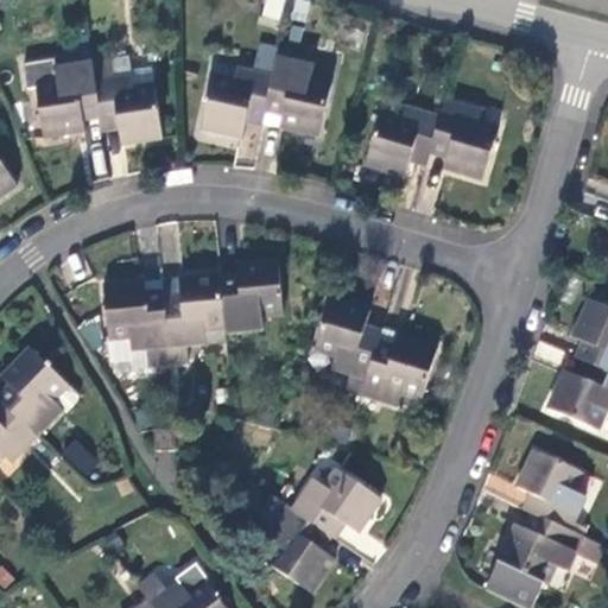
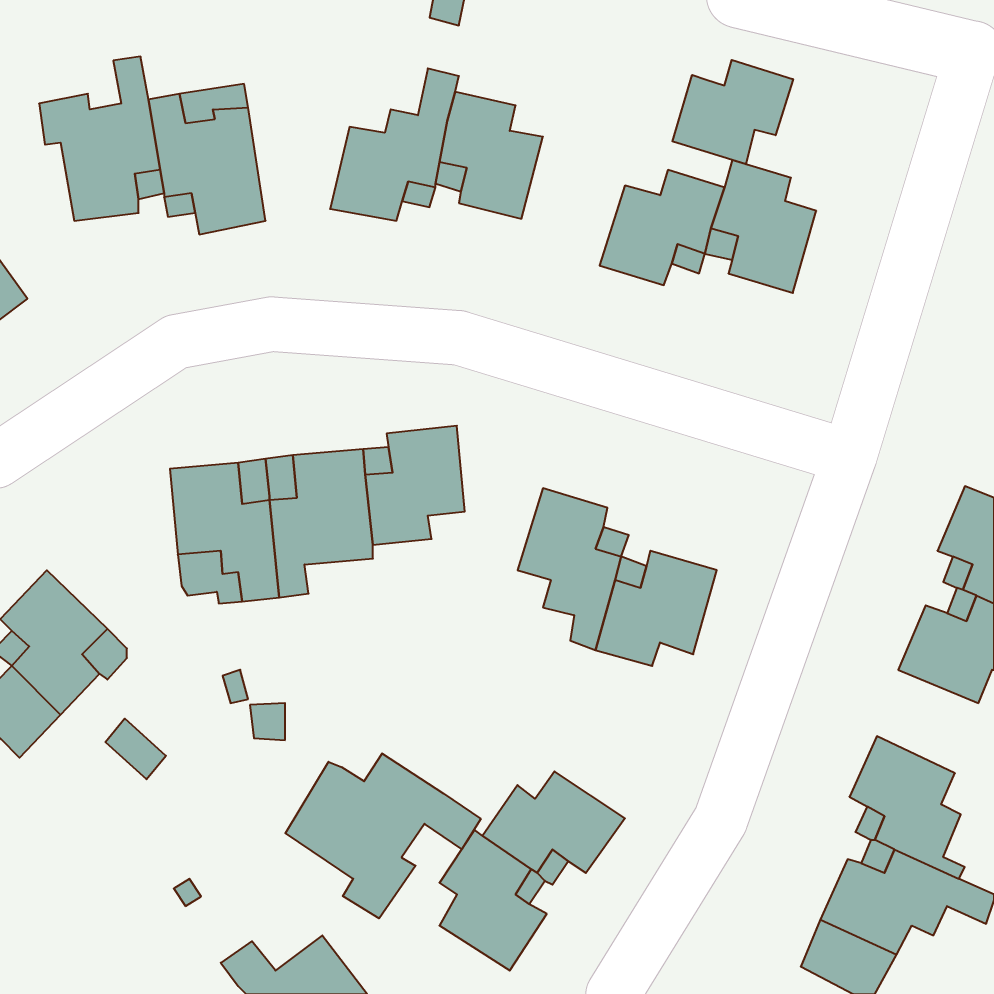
building: none -> [672,60,793,164]
building: none -> [285,753,481,918]

